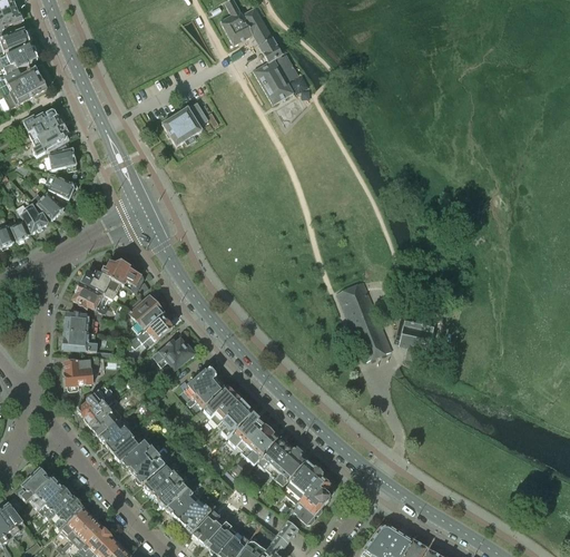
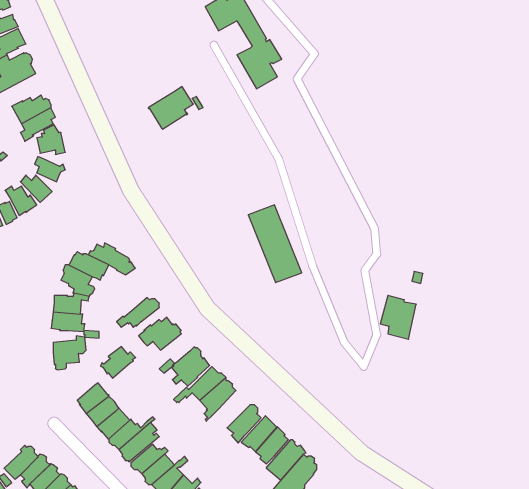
building: [336,281,391,360] -> [248,205,302,283]
building: [127,296,163,331] -> none
building: [77,389,112,421] -> [101,347,136,378]
building: [225,414,265,449] -> none

